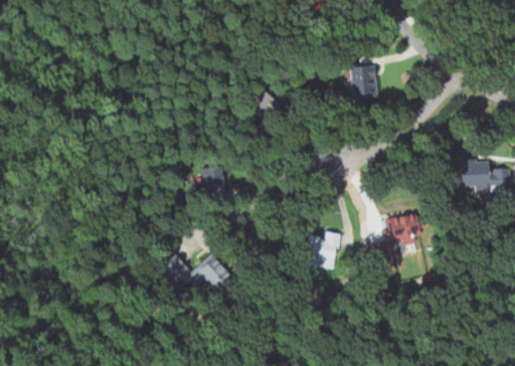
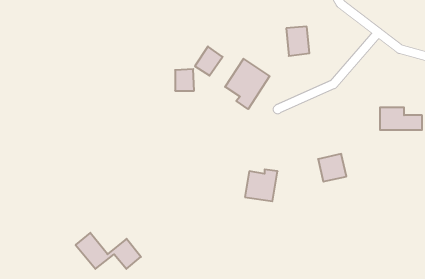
building: none -> [225,59,270,109]
building: [205,166,227,191] -> [175,69,194,91]
building: [156,249,232,292] -> [76,233,141,269]

